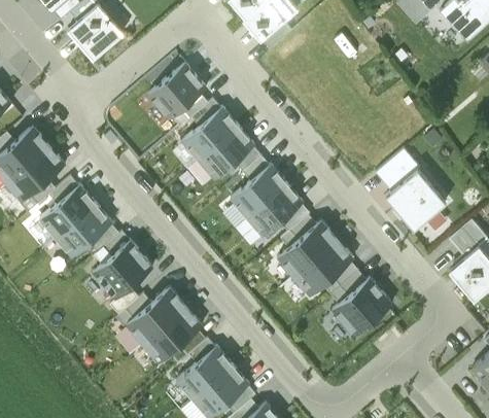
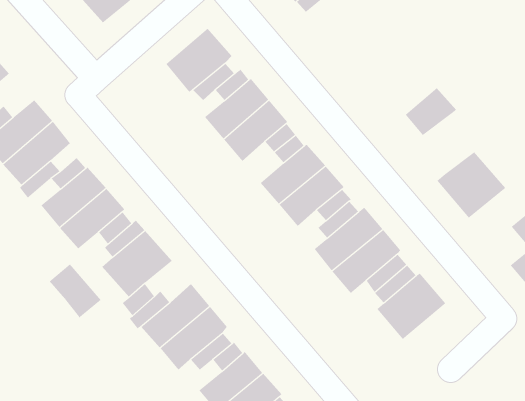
building: [376,149,421,191] -> [405,88,457,136]
building: none -> [49,263,101,319]

